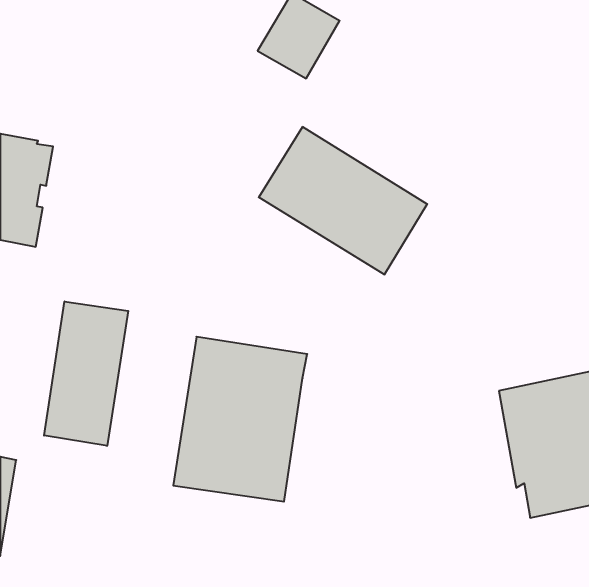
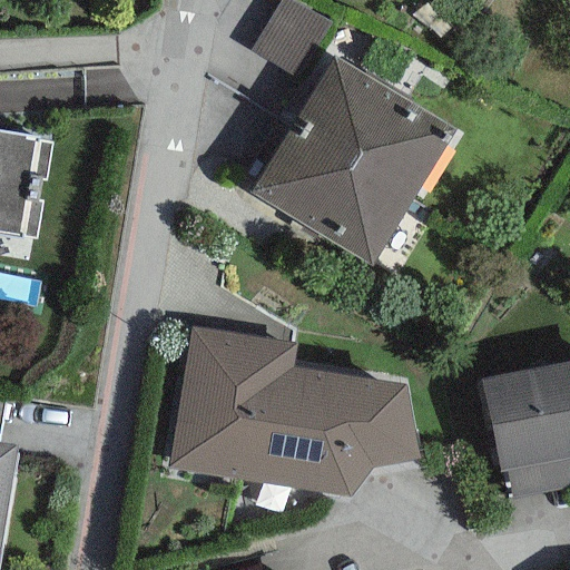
building: none -> [293,56,455,197]
building: [44,301,128,446] -> none
building: none -> [275,365,419,494]

